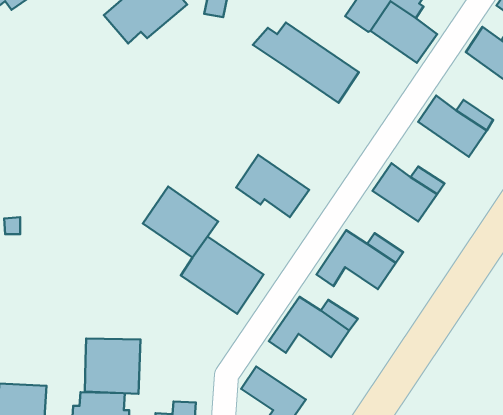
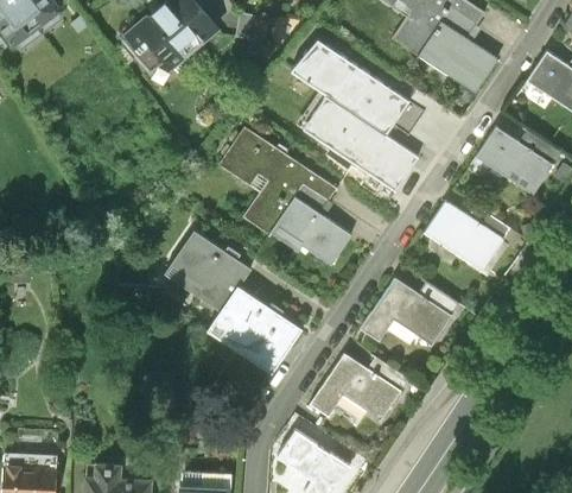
building: none -> [310,96,418,191]
building: none -> [221,128,336,235]
building: [85,338,141,394] -> none

